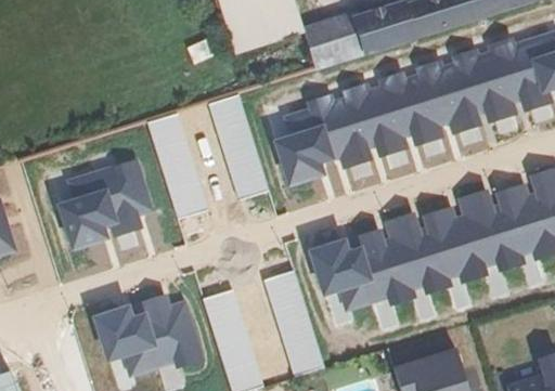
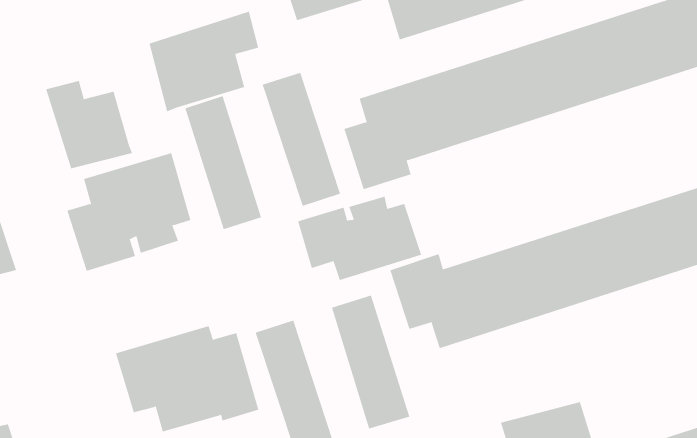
building: none -> [149,11,259,112]
building: none -> [46,80,133,169]
building: none -> [297,196,422,281]

